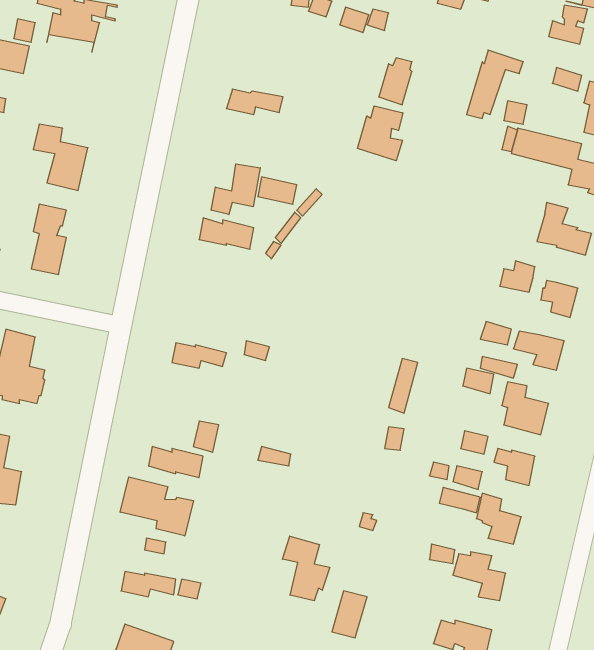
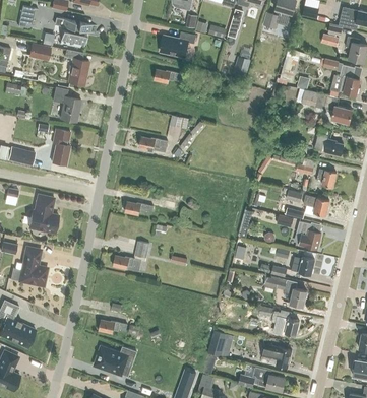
building: none -> [160,31,195,56]
building: none -> [64,49,88,85]
building: [357,106,403,161] -> none
building: [211,164,260,215] -> none
building: [120,477,193,536] -> none
building: [282,536,330,601] -> none

